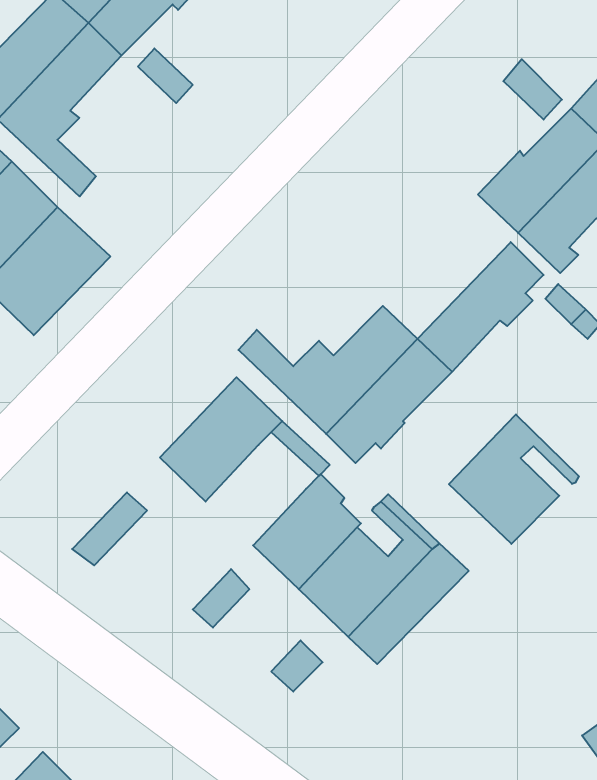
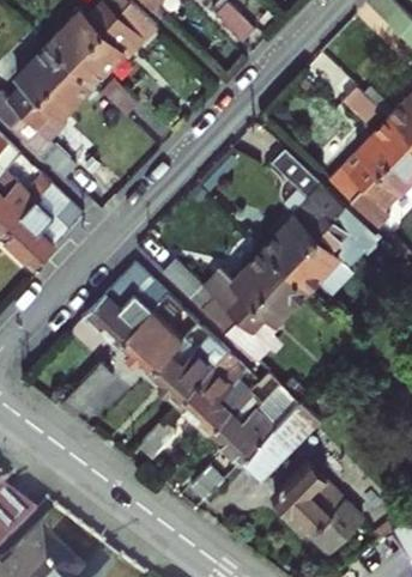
building: none -> [265,147,349,268]
building: none -> [87,263,169,346]
building: [449,414,579,544] -> none
building: none -> [149,338,214,403]
building: none -> [277,463,365,551]

